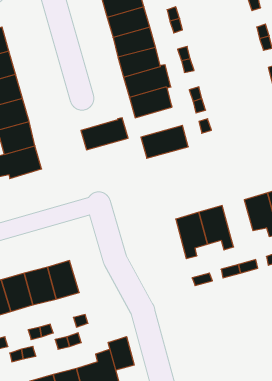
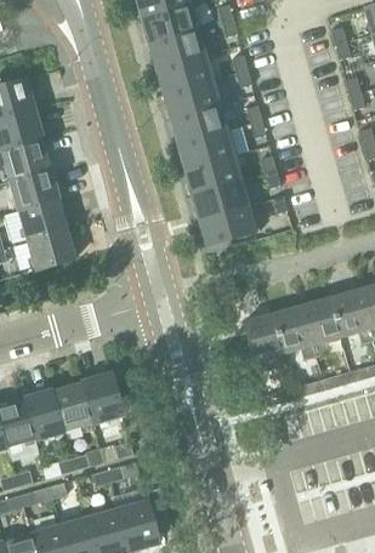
building: [81,118,128,150] -> [192,178,251,218]
building: none -> [301,297,340,357]
building: [108,337,134,370] -> none

